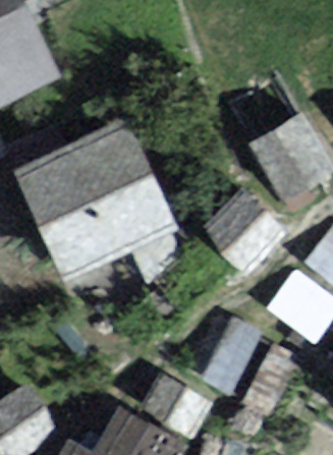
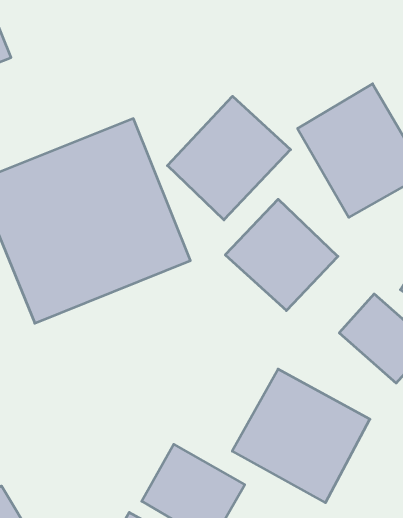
building: none -> [167,96,291,220]

